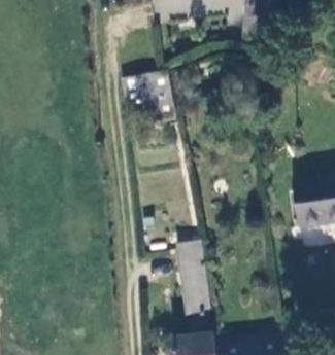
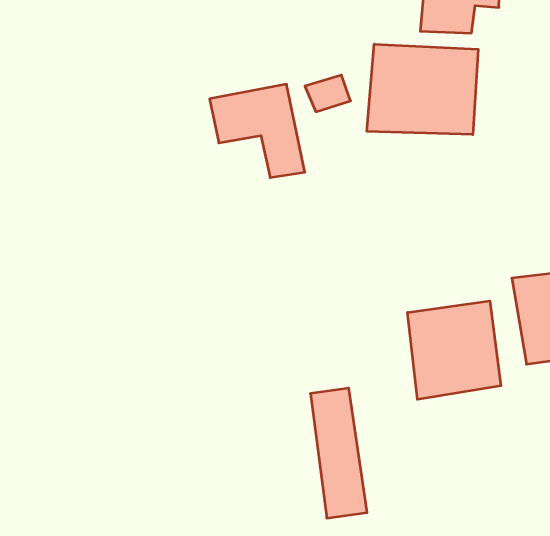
building: none -> [367,44,478,135]
building: none -> [408,301,501,399]

